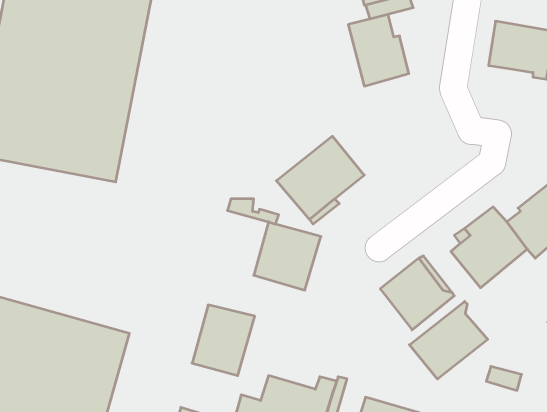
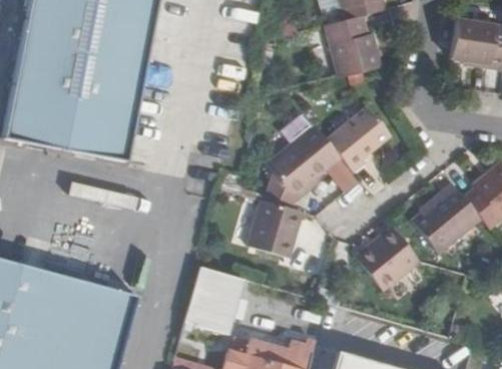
building: none -> [326,106,390,172]
building: [409,301,488,379] -> none

